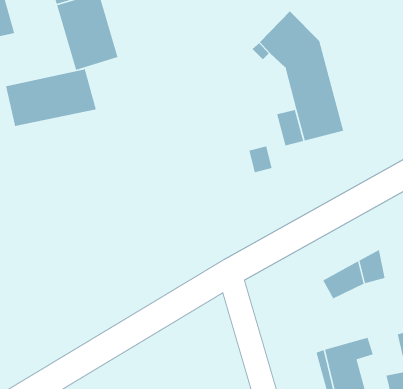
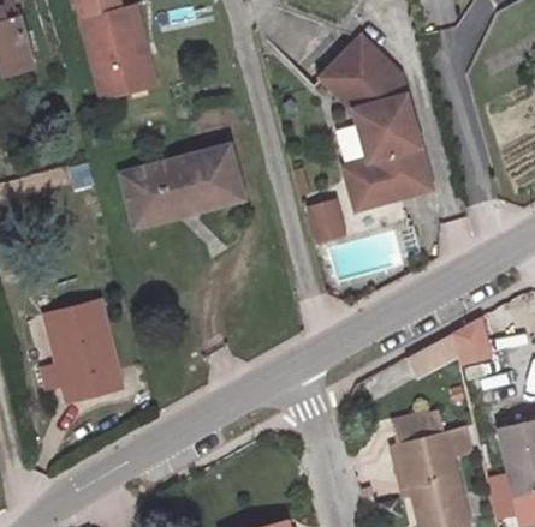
building: [5,69,97,127] -> [125,146,240,220]
building: none -> [34,313,105,407]
building: none -> [403,417,453,453]

